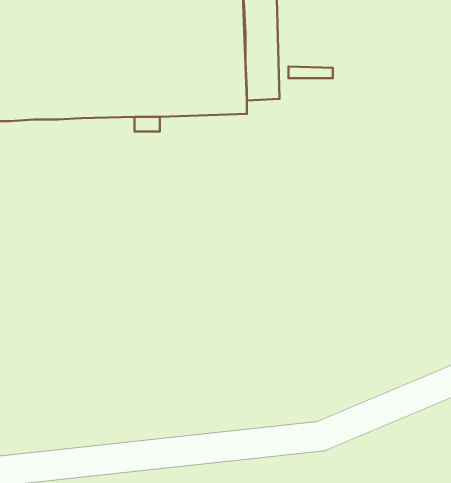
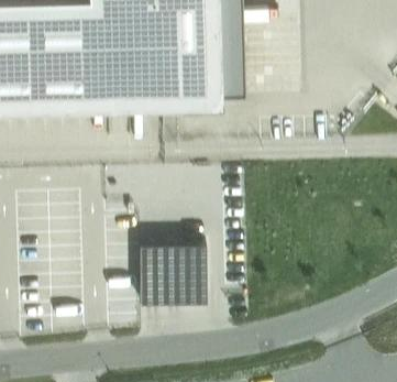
building: none -> [140,244,206,303]

